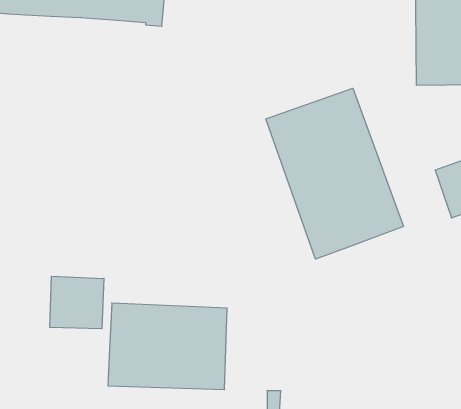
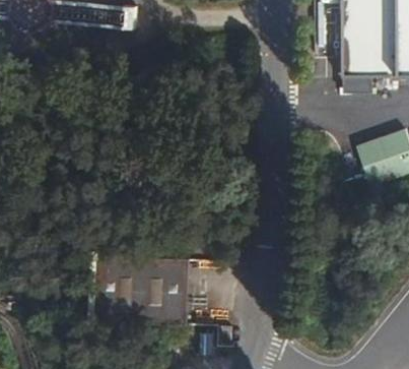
building: [266,88,403,259] -> none
building: [50,276,104,329] -> none

